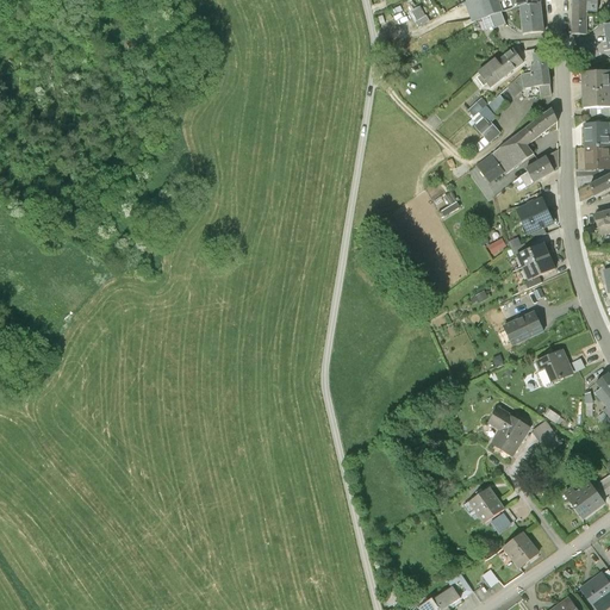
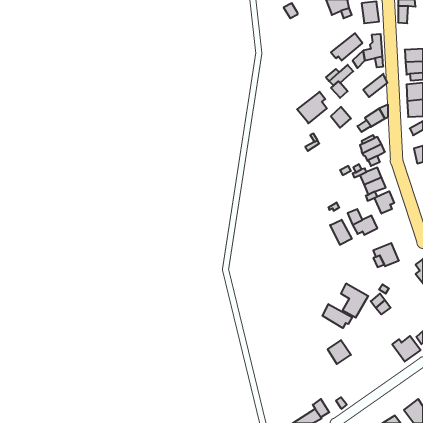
building: [490,129,533,174] -> [297,92,327,123]
building: none -> [375,191,394,214]
building: none -> [330,220,352,245]
building: none -> [322,304,352,328]
building: [504,534,537,567] -> none

